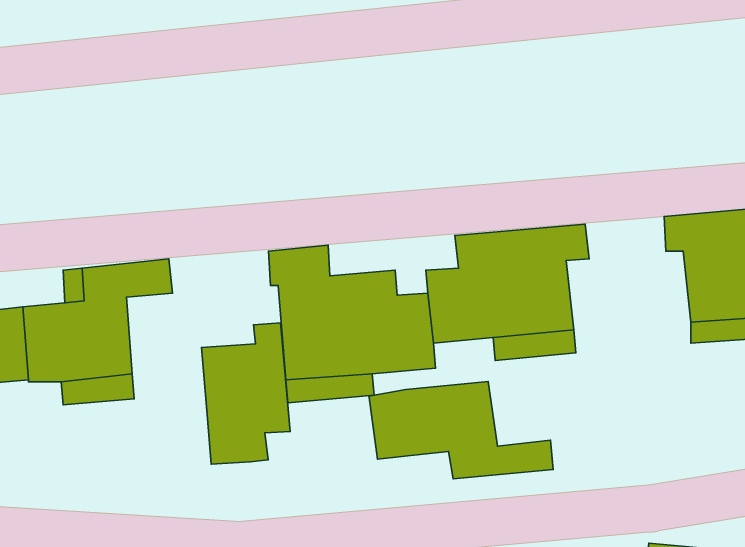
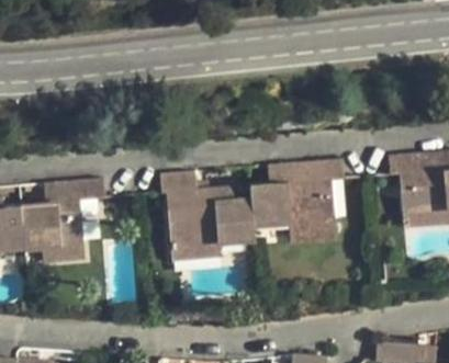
building: [202,323,290,464] -> none
building: [369,382,553,479] -> none

